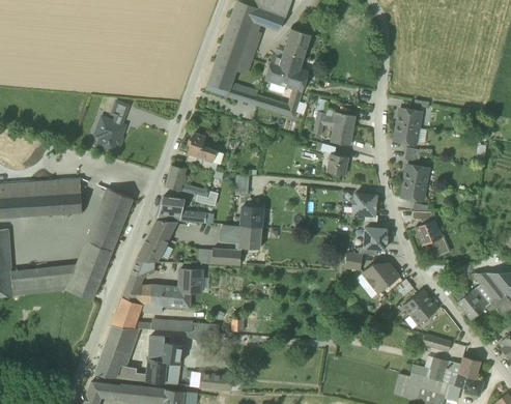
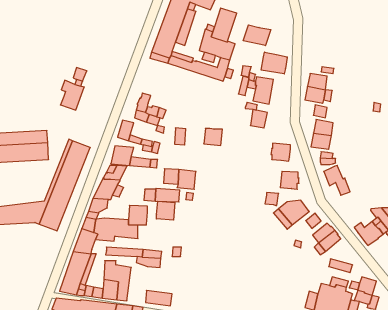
building: none -> [243,25,271,46]
building: none -> [261,52,287,74]
building: [240,206,263,227] -> [204,128,222,145]
building: none -> [156,201,175,220]

